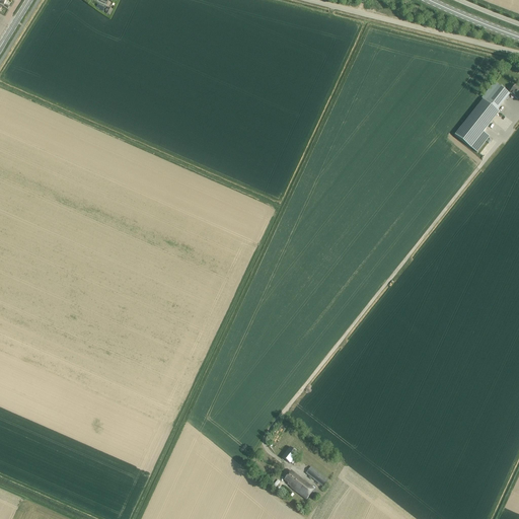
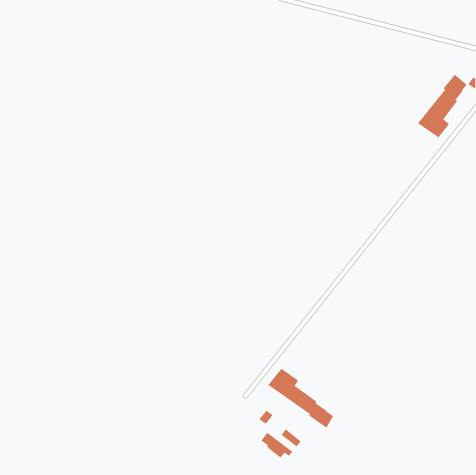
building: none -> [268,368,334,428]

